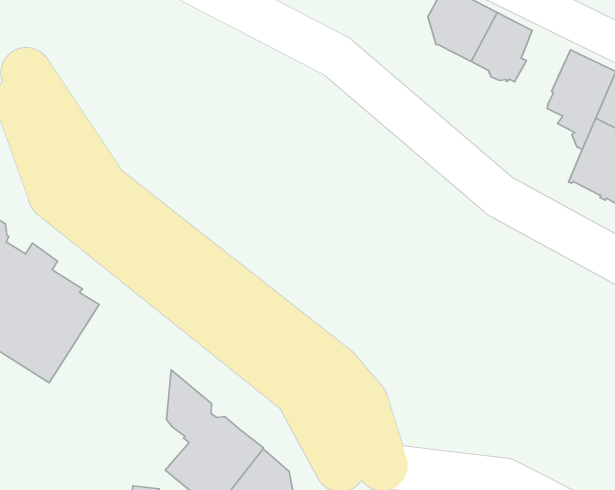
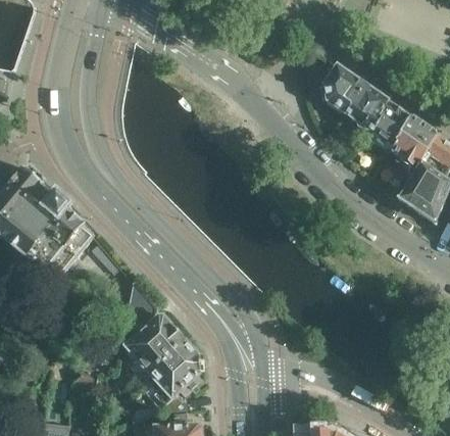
building: none -> [364,100,410,153]

